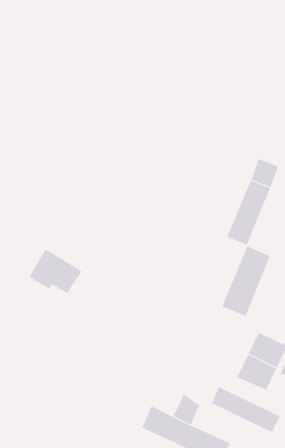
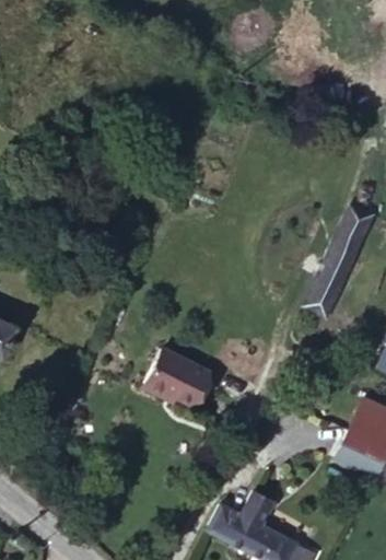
building: [222,246,271,317] -> none
building: [28,249,83,294] -> [148,349,214,405]
building: [211,386,281,433] -> none

